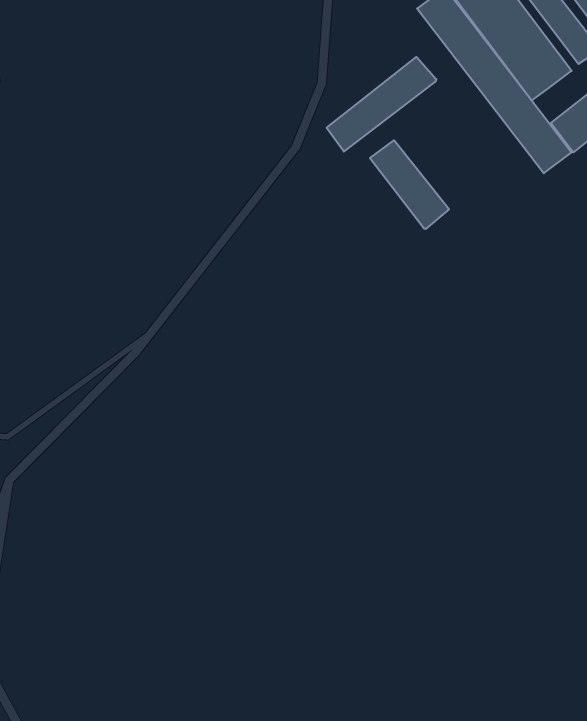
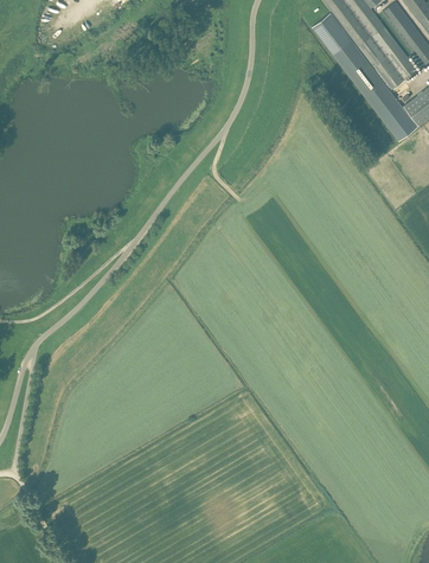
building: [327,57,436,152] -> none
building: [370,140,449,229] -> none

